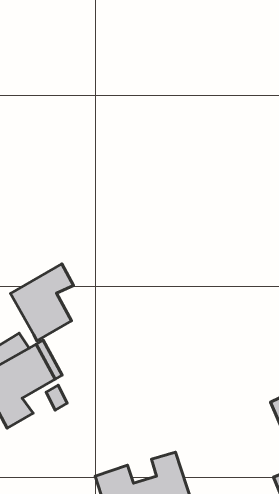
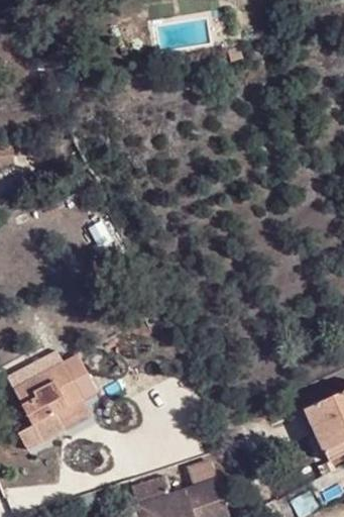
building: [10,264,74,341] -> none

